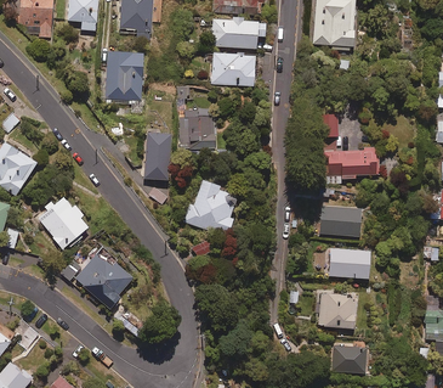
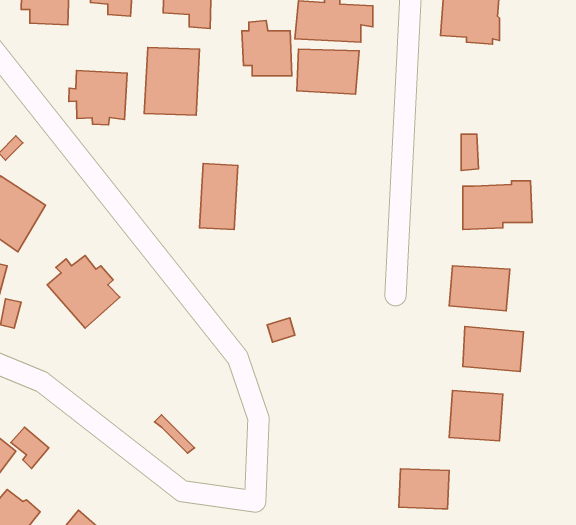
building: none -> [69,71,127,125]
building: [180,108,215,147] -> [242,20,292,76]
building: [183,179,238,232] -> none
building: [75,249,134,309] -> none
building: [331,344,367,372] -> [399,469,449,509]

